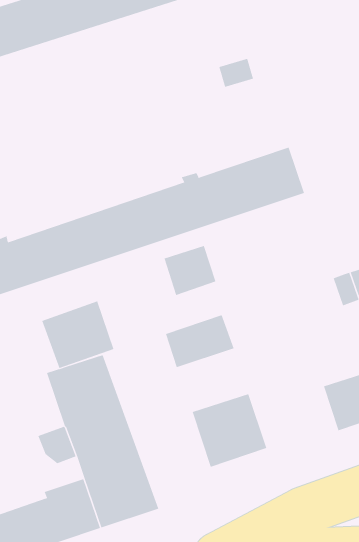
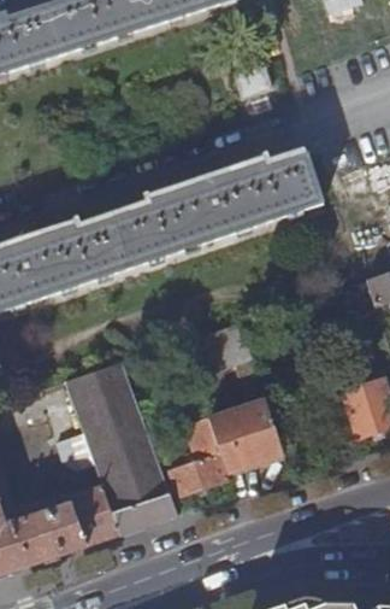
building: [163,245,216,296] -> none
building: [42,301,114,369] -> none
building: none -> [170,417,229,494]

